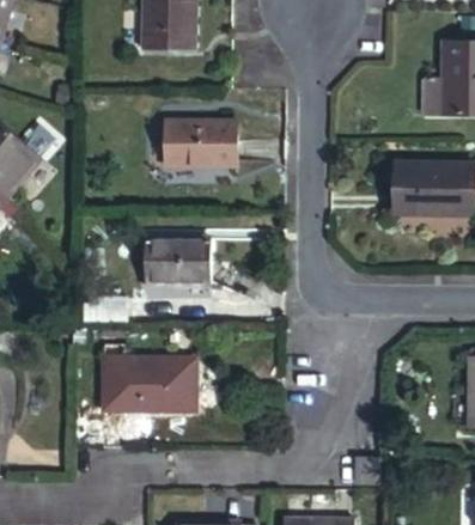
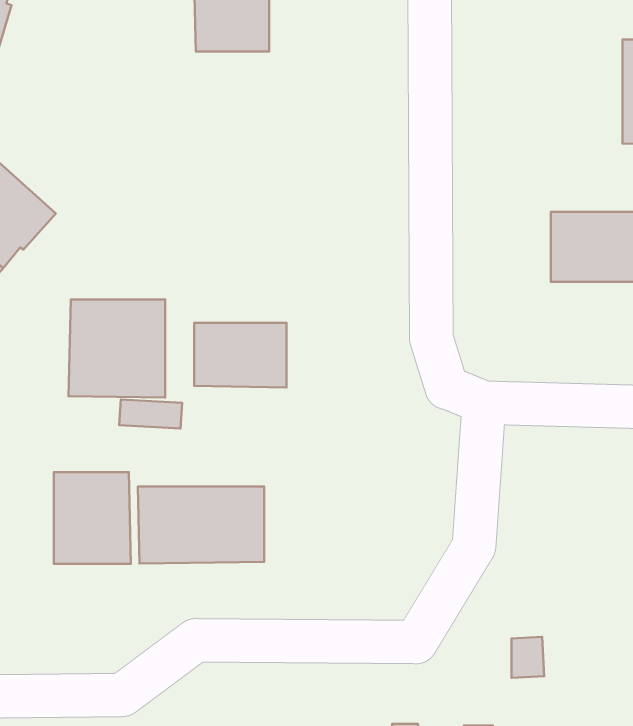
building: [164,118,236,166] -> none
building: none -> [69,299,165,398]
building: none -> [54,472,131,564]

